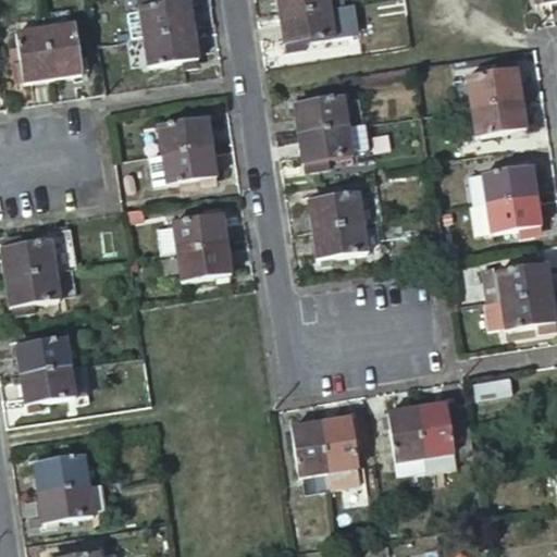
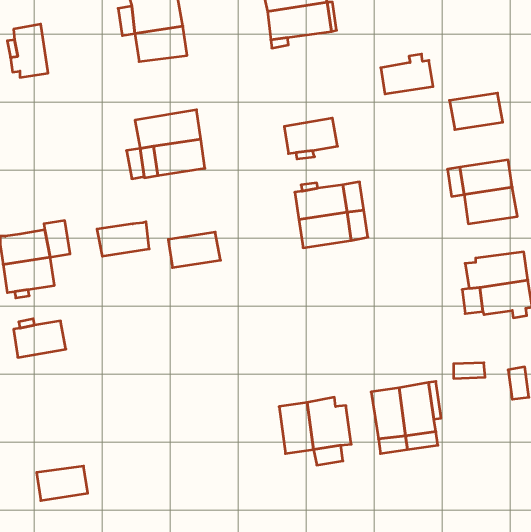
building: [46,21,83,76] -> none
building: [467,63,521,104] -> [381,54,433,94]
building: [295,94,349,132] -> none
building: [173,213,227,249] -> [97,222,149,256]
building: [22,361,86,401] -> none
building: [37,455,90,492] -> none

